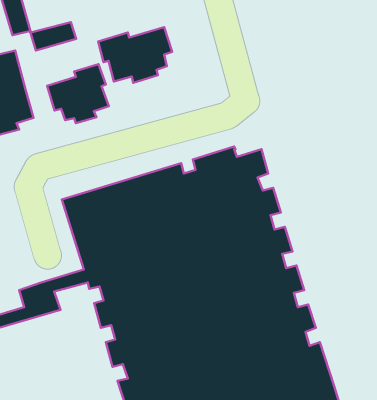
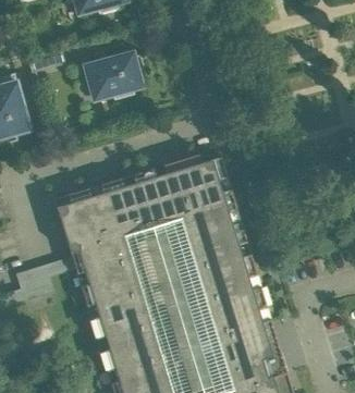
building: [47,64,109,123] -> none

